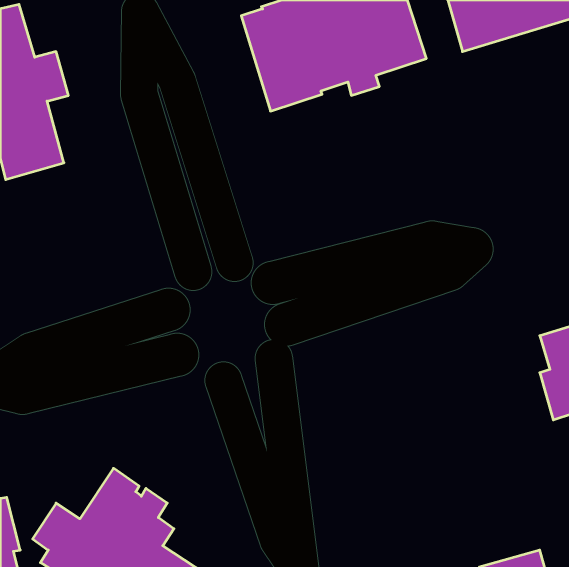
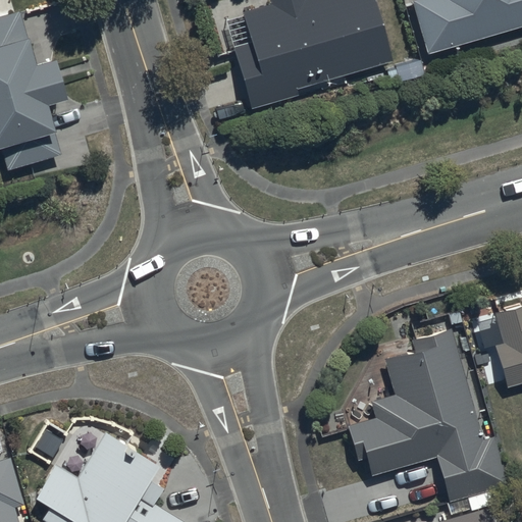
building: none -> [347,328,507,501]

